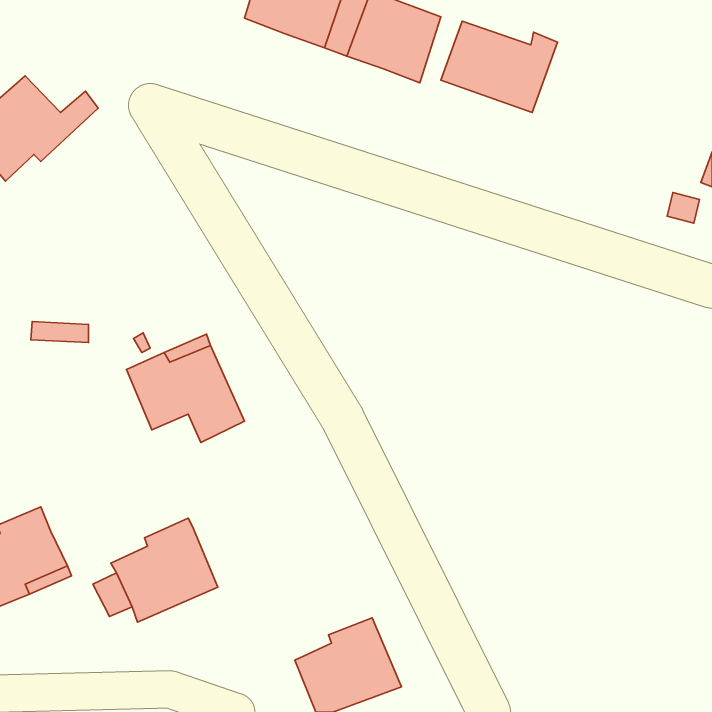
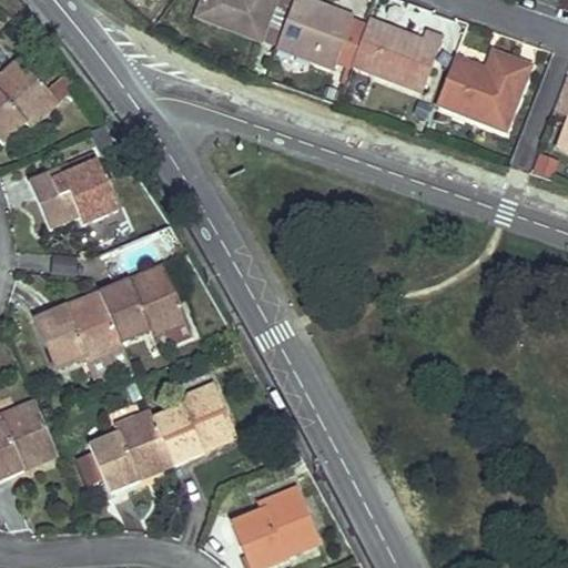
building: none -> [433,49,527,129]
building: none -> [30,155,118,230]
building: none -> [37,292,130,379]
building: none -> [152,382,236,464]

